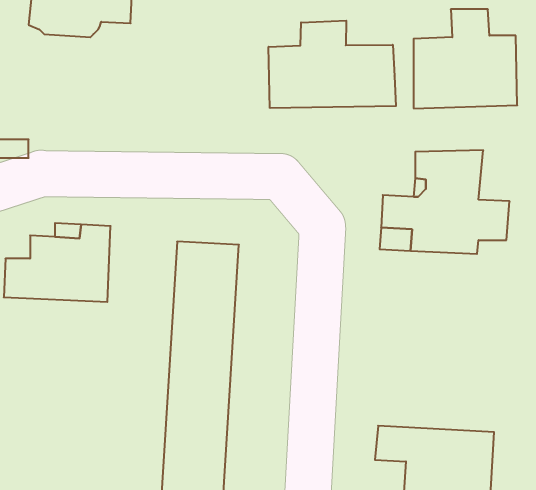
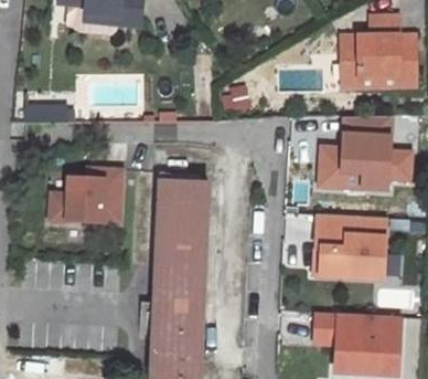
building: [269,21,396,108] -> none
building: none -> [317,218,390,278]

